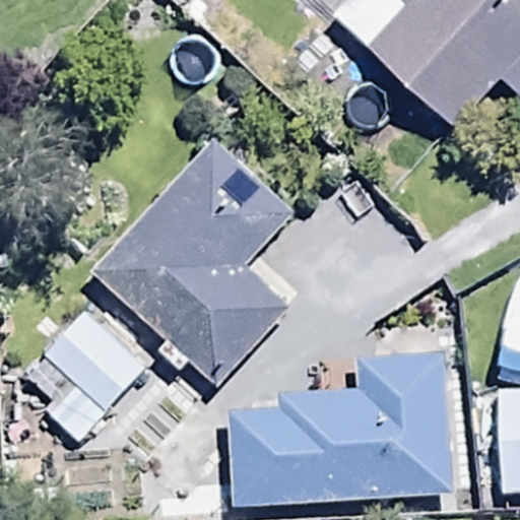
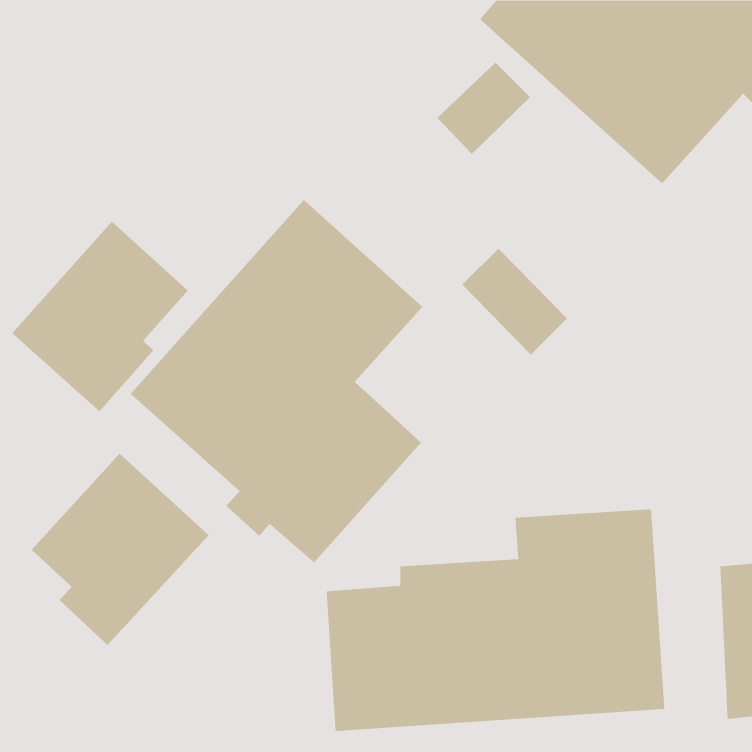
building: none -> [11,221,189,412]

